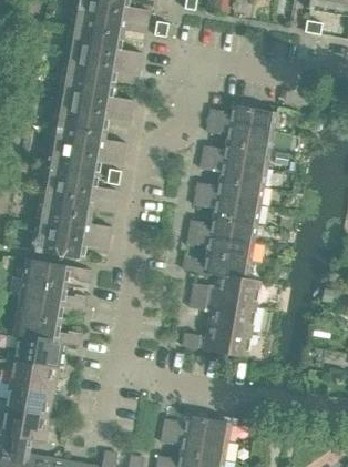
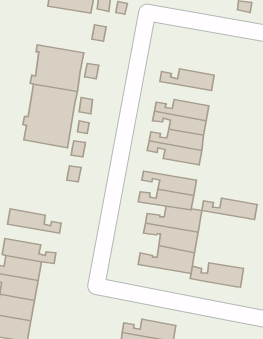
building: [57,24,123,83] -> none
building: [206,119,273,149] -> none
building: [25,191,94,258] -> none
building: [188,214,257,241] -> [202,198,257,220]
building: [23,257,91,284] -> none
building: [17,295,84,321] -> none
building: none -> [190,263,244,287]

